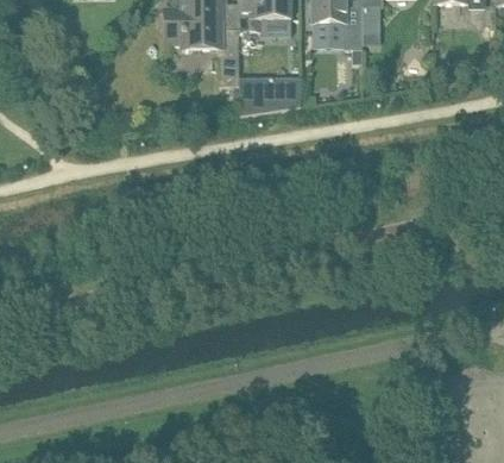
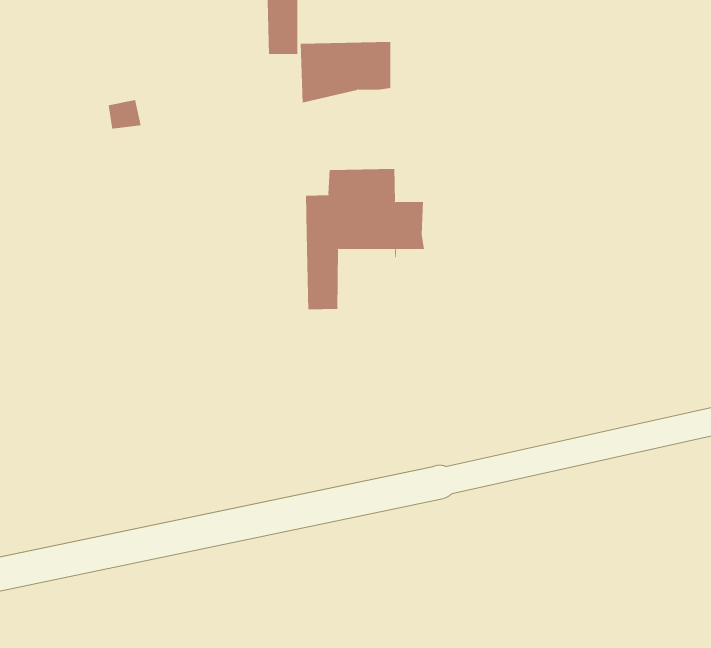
building: none -> [306,168,424,310]

